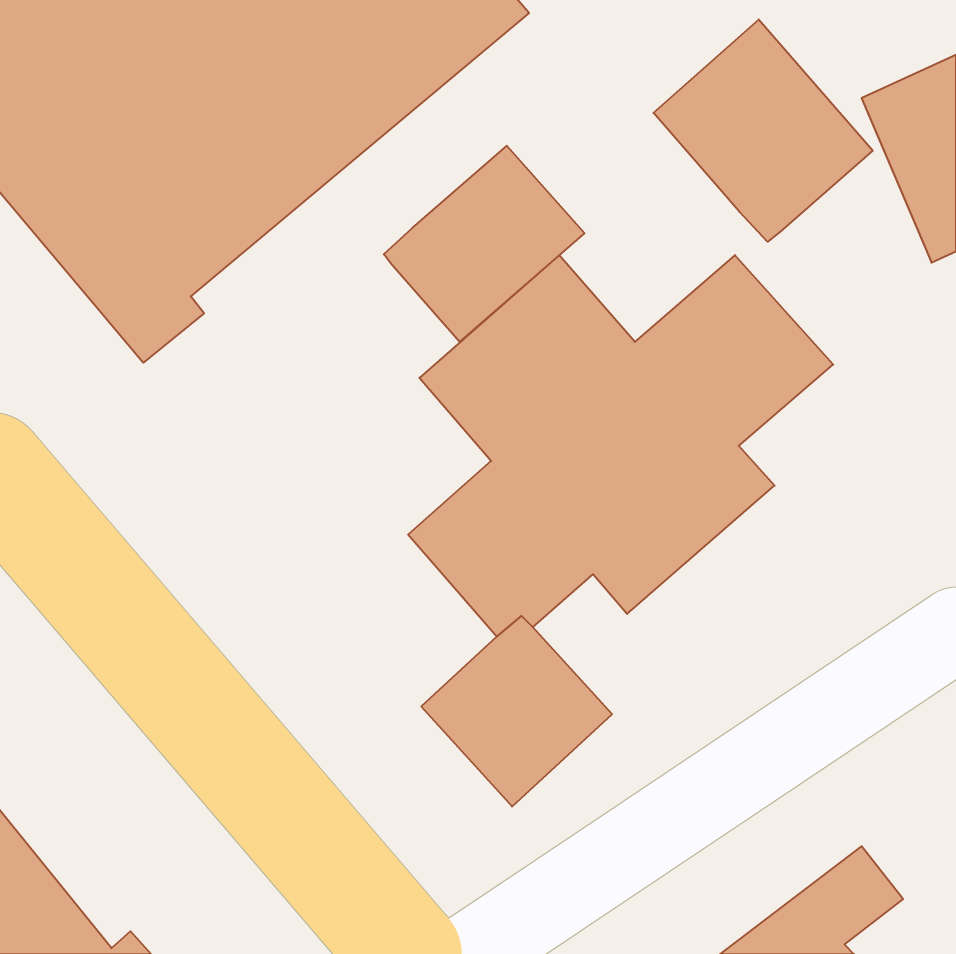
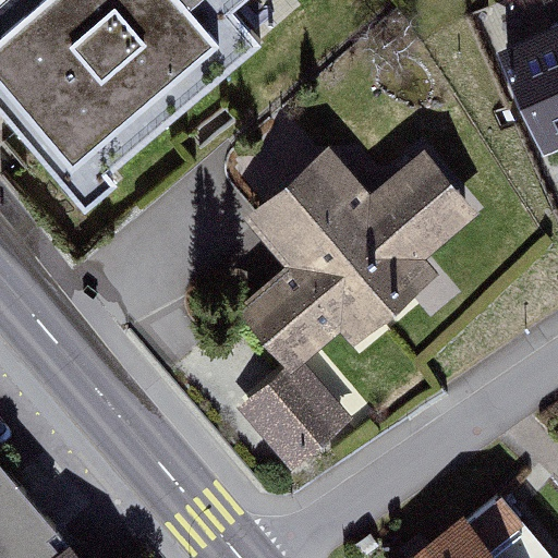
building: [653,19,873,242] -> none
building: [384,146,584,342] -> none

